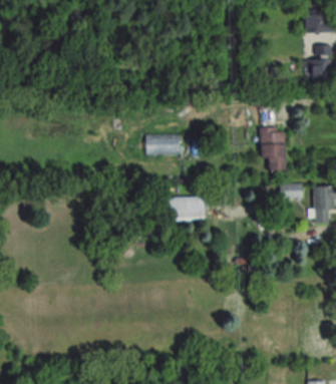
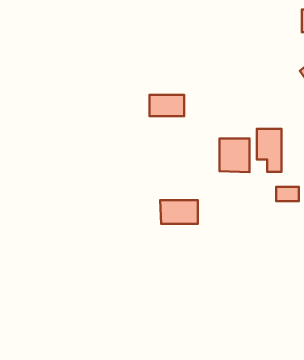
building: [145,134,180,155] -> [149,95,184,116]
building: none -> [220,138,250,172]

